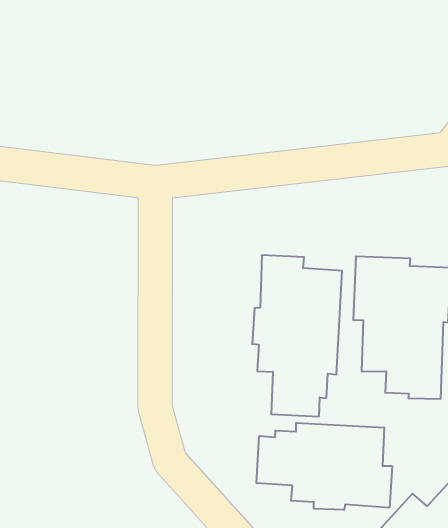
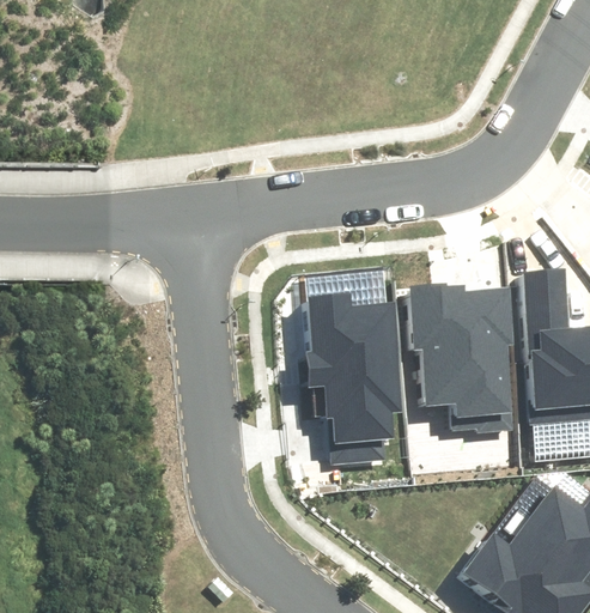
building: [257,423,392,510] -> none

